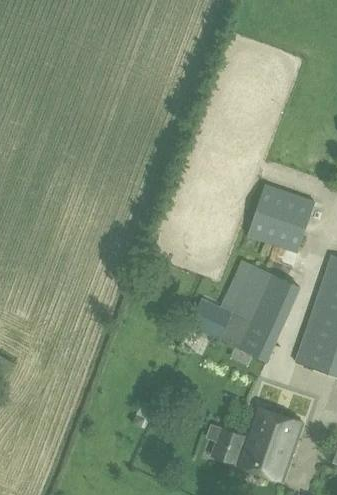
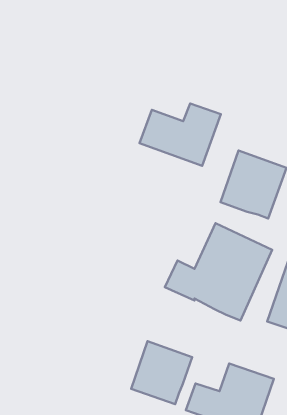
building: none -> [139,104,221,166]
building: none -> [131,341,192,404]

